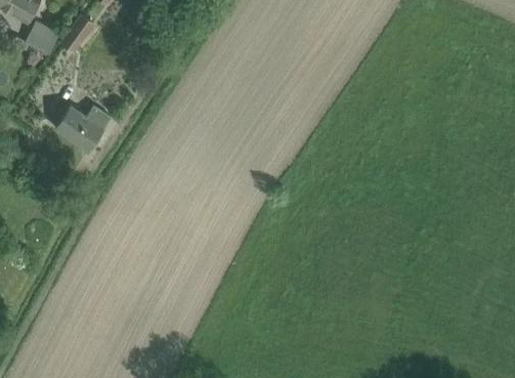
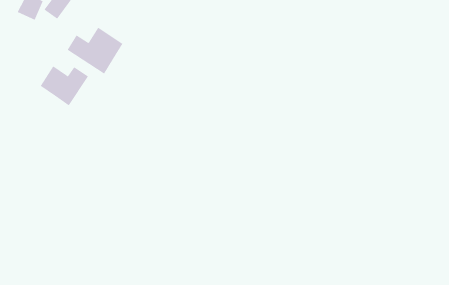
building: none -> [67,27,123,75]

